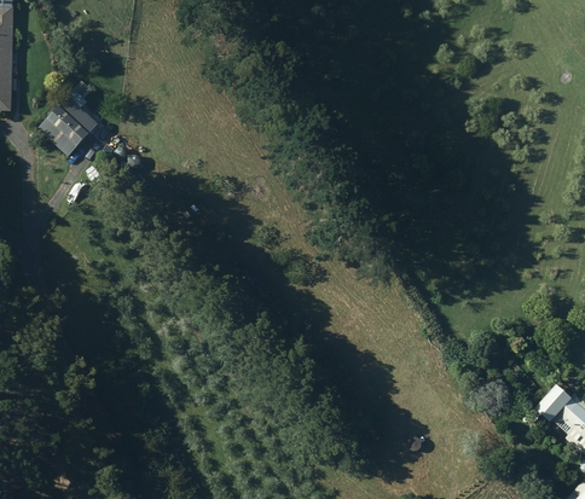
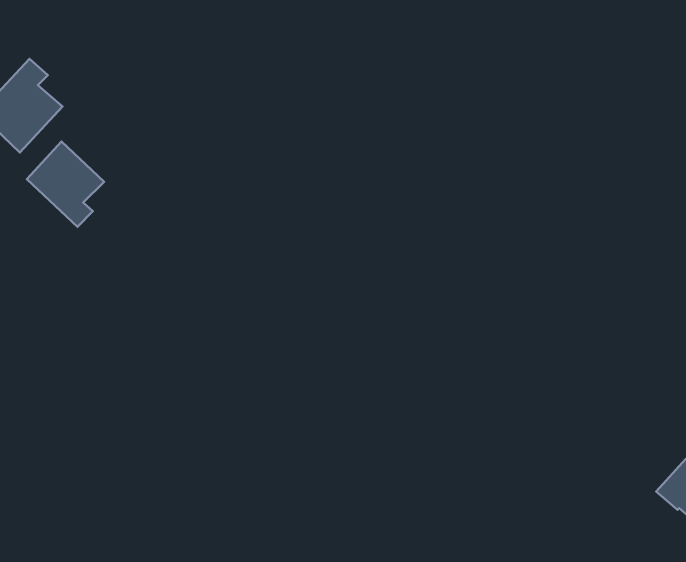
building: none -> [27,141,104,227]

